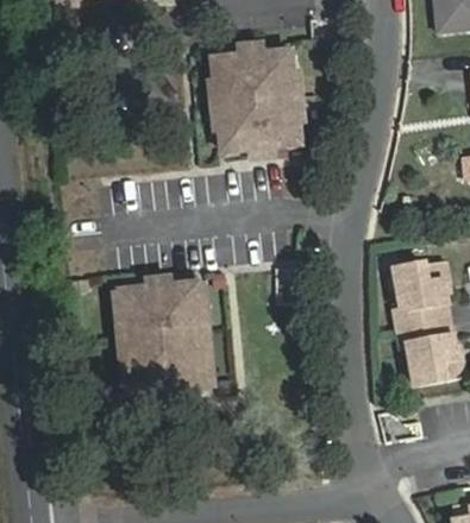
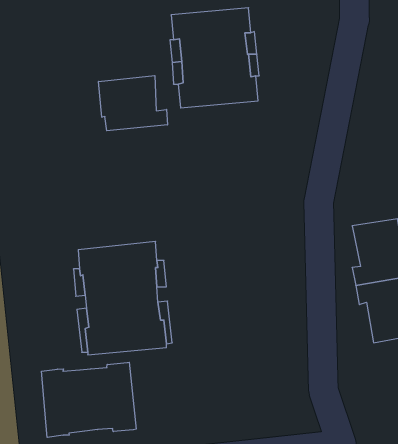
building: none -> [99,76,167,131]
building: none -> [42,362,136,437]

